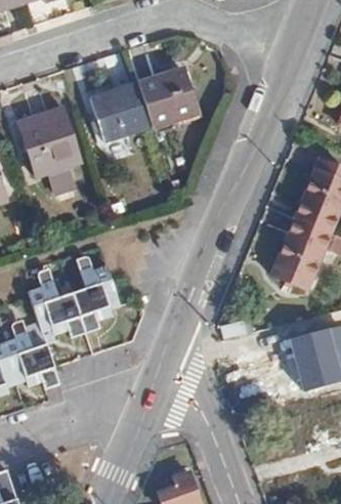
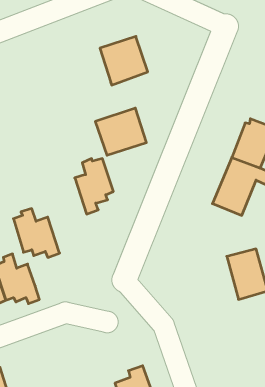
building: [86,84,148,141] -> [95,108,146,155]
building: [18,108,79,176] -> none
building: [72,266,119,334] -> [75,159,113,214]

